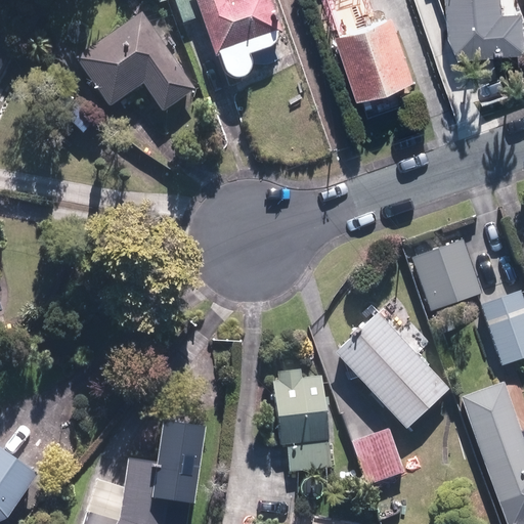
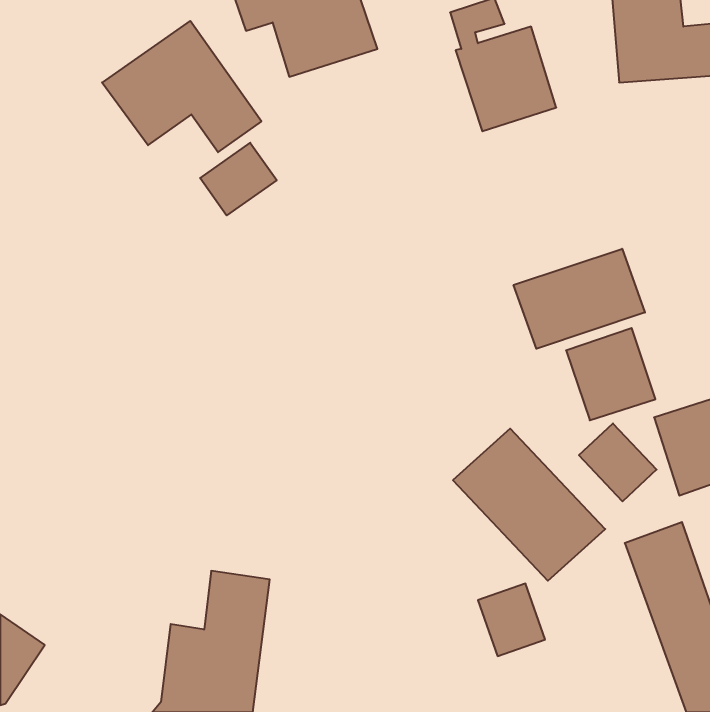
building: none -> [200,143,277,215]
building: none -> [514,249,645,349]
building: none -> [579,423,657,501]
building: [273,368,332,470] -> none

